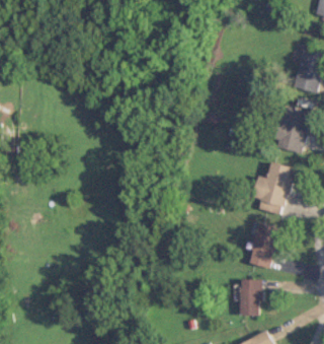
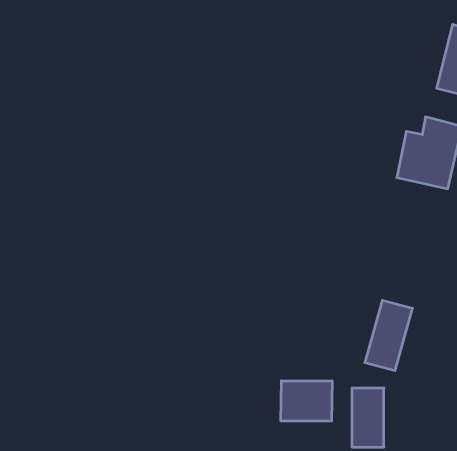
building: [253,162,292,214] -> none
building: none -> [281,381,332,421]

